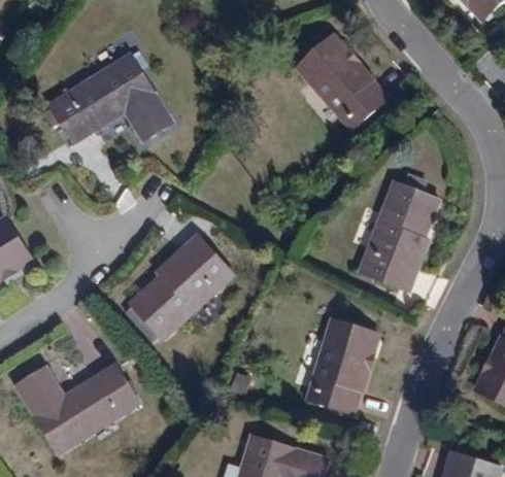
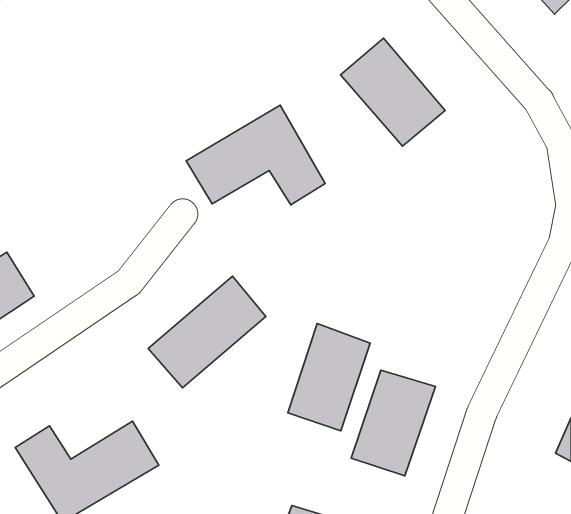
building: [50,58,171,144] -> [186,105,325,205]
building: [361,186,439,292] -> none
building: none -> [288,323,370,431]

